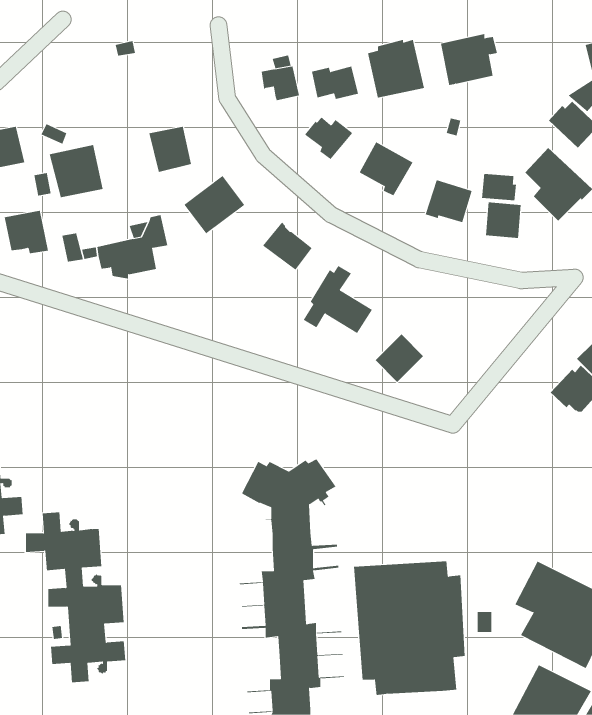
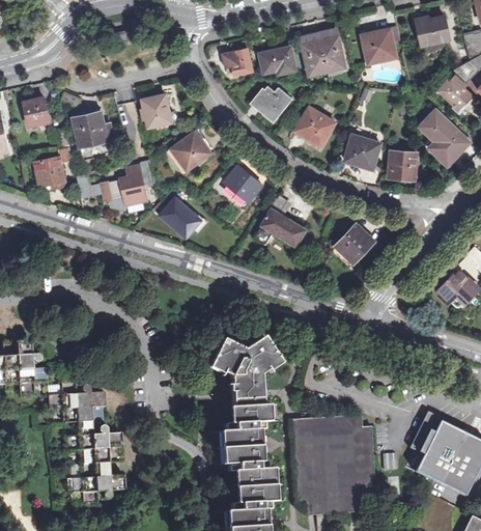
building: none -> [417,15,450,46]
building: [482,173,517,201] -> none
building: none -> [153,192,203,237]
building: [375,334,424,383] -> [338,226,374,262]

